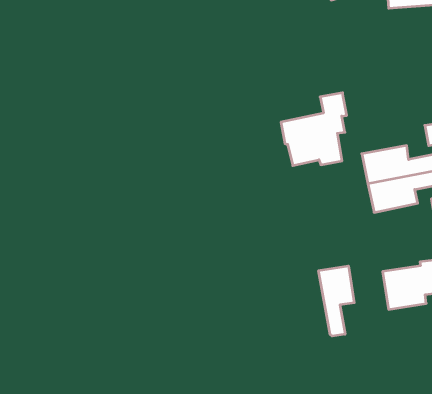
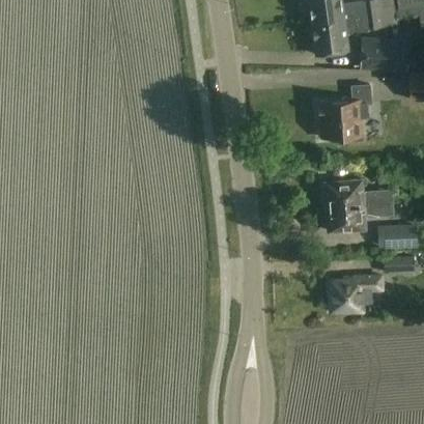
building: [281,93,347,166] -> [317,85,371,141]
building: [319,266,354,336] -> none

